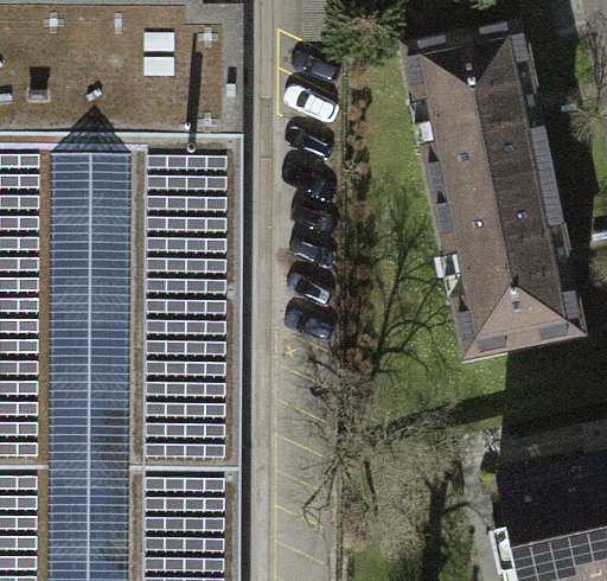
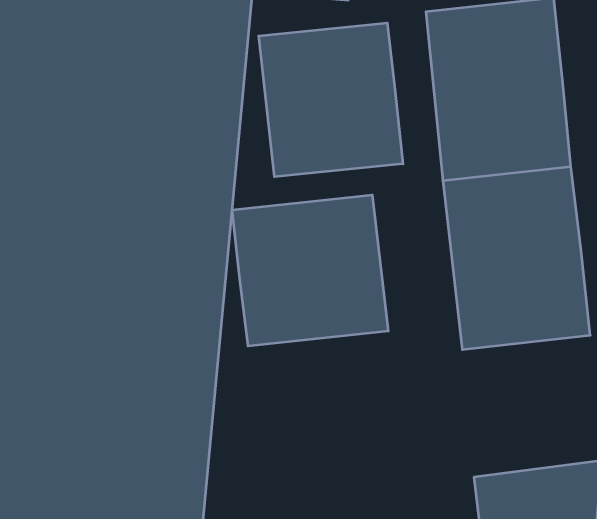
building: none -> [259,23,403,177]
building: none -> [232,195,388,346]

